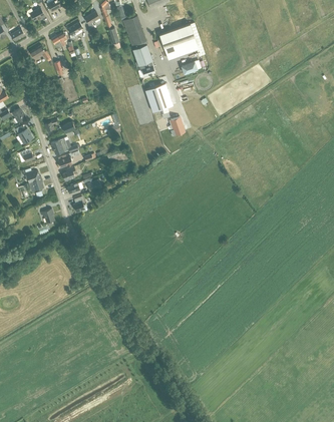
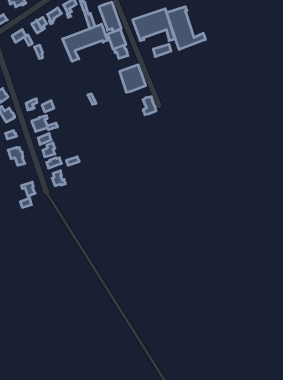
building: none -> [167,7,205,50]
building: none -> [63,24,107,61]

